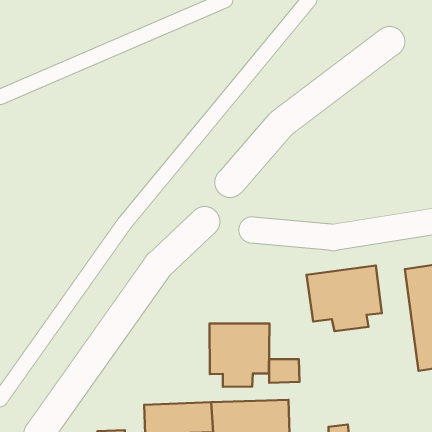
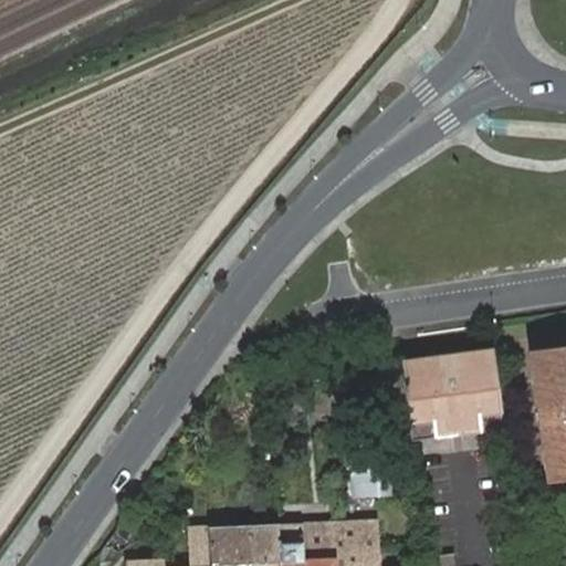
building: [209,323,269,387] -> none

